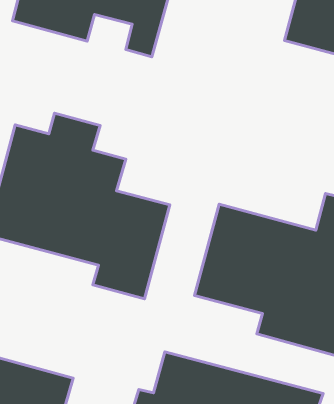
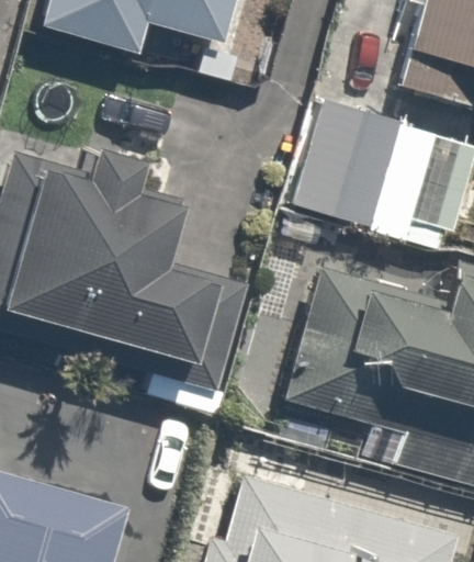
building: none -> [294,75,460,232]

